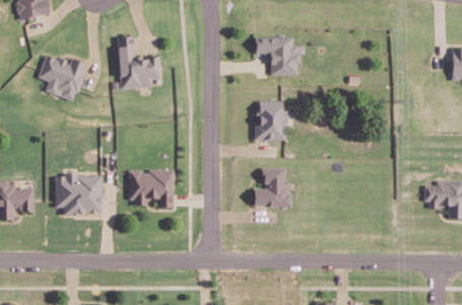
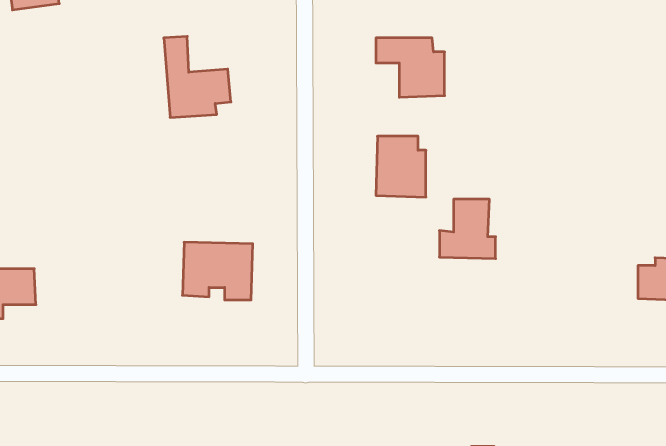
building: [38,54,85,100] -> none
building: [254,168,290,206] -> [439,199,496,259]
building: [54,175,102,214] -> none

